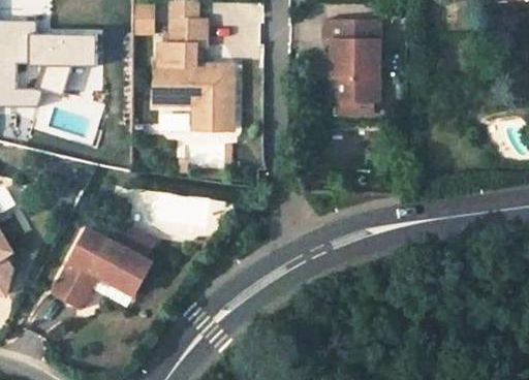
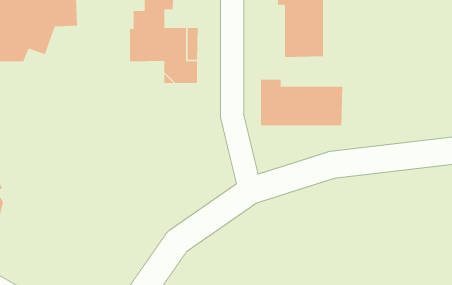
building: none -> [260,79,343,126]
building: [55,231,152,310] -> none

